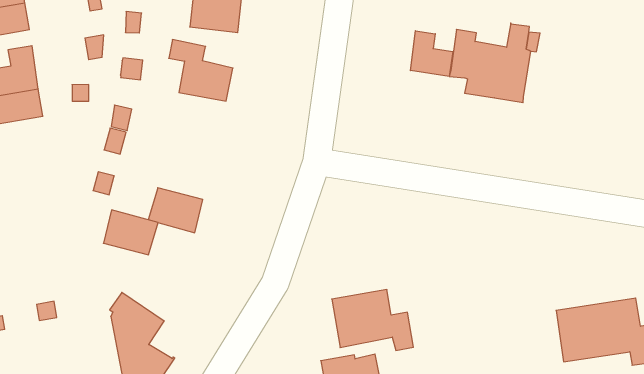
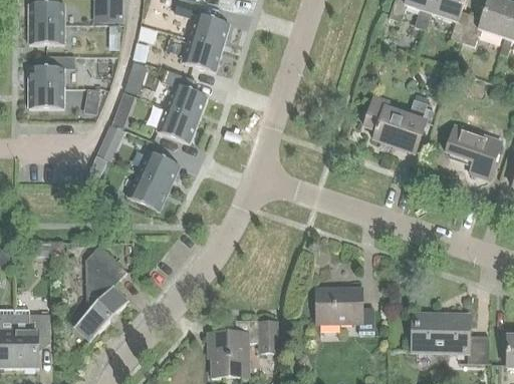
building: [410,31,453,76] -> none
building: none -> [445,124,501,177]
building: none -> [156,107,198,142]
building: [103,210,158,255] -> [138,150,180,187]
building: [332,290,413,350] -> [318,287,371,332]

